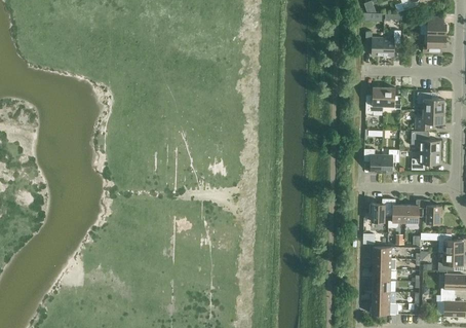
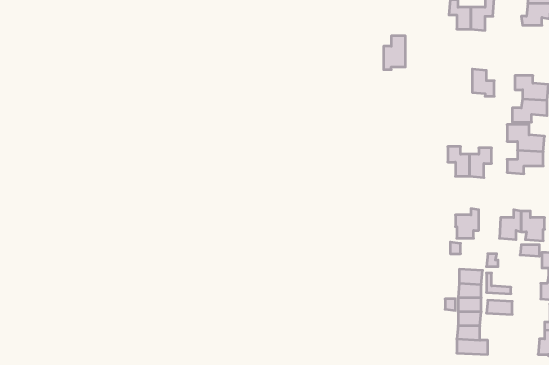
building: [366,87,384,114] -> [384,36,405,70]
building: [389,199,406,228] -> none

